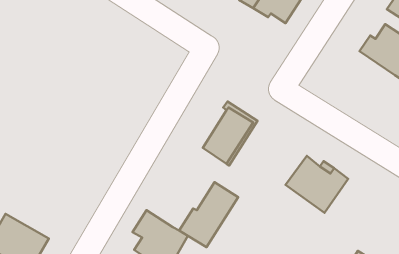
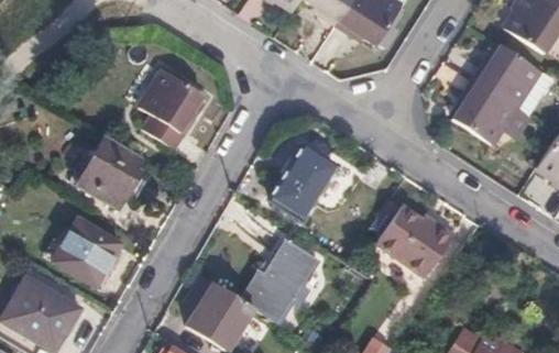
building: none -> [141,71,204,150]
building: none -> [451,76,512,141]
building: none -> [77,135,142,209]
building: none -> [54,220,120,286]

